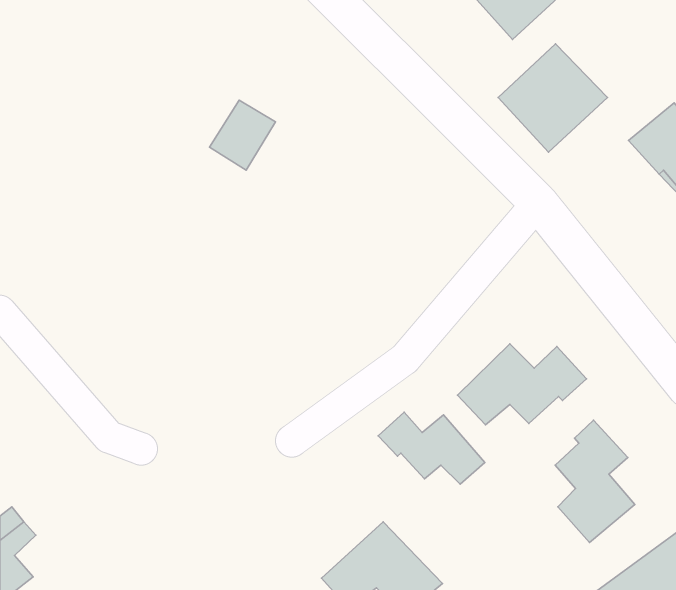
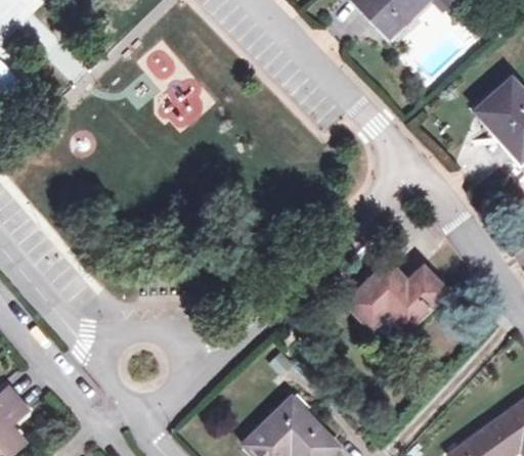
building: [498,44,607,152] -> none
building: [378,412,485,484] -> none
building: [555,420,635,542] -> none

